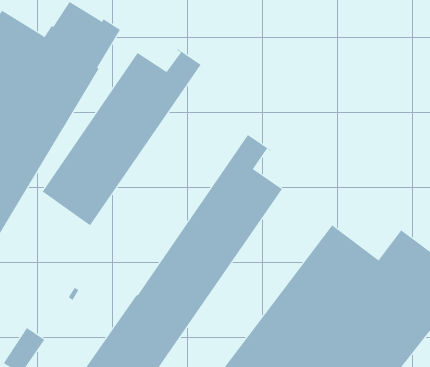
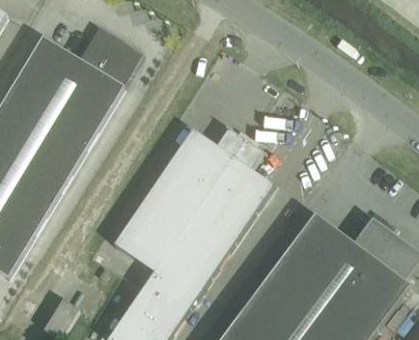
building: [42,48,201,225] -> [115,125,247,272]

